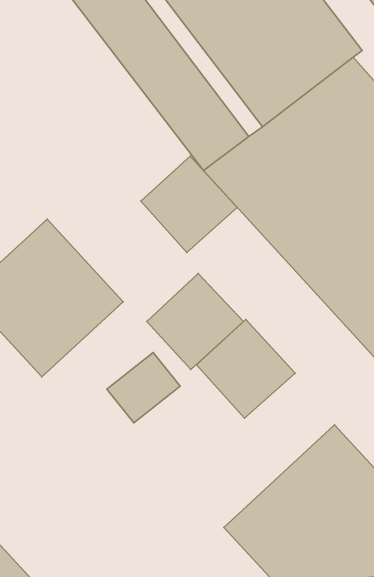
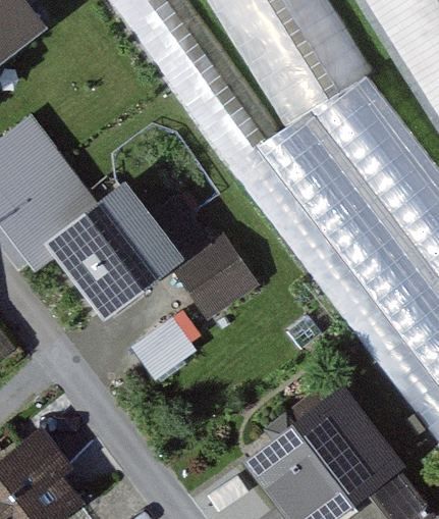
building: [141,156,237,252] -> none
building: [196,319,295,418] -> none

